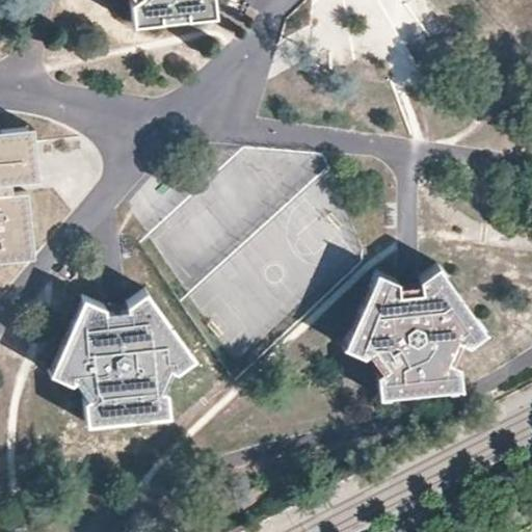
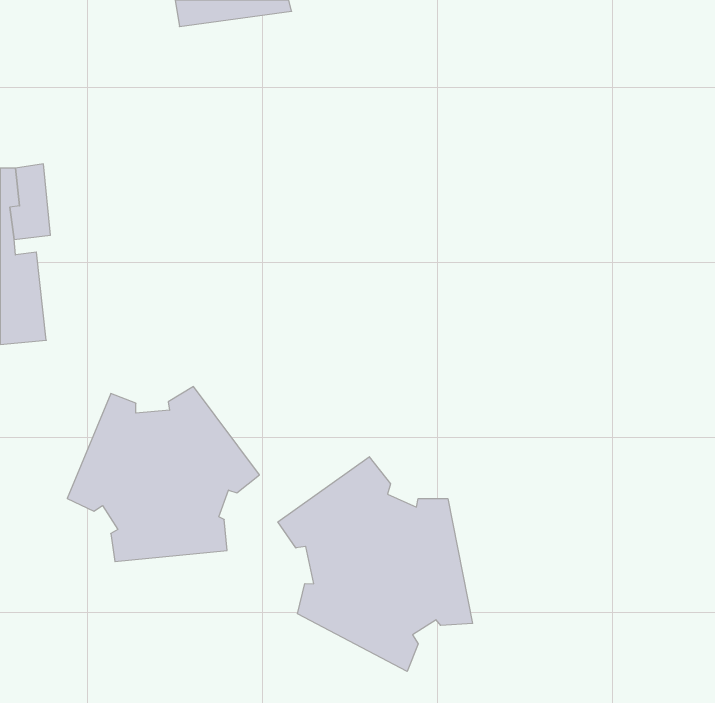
building: [341,269,483,401] -> none
building: none -> [278,457,473,671]

